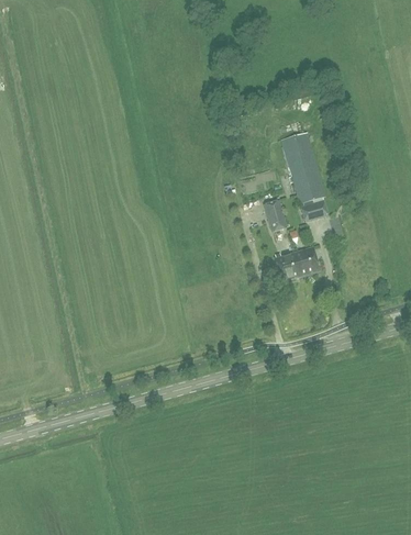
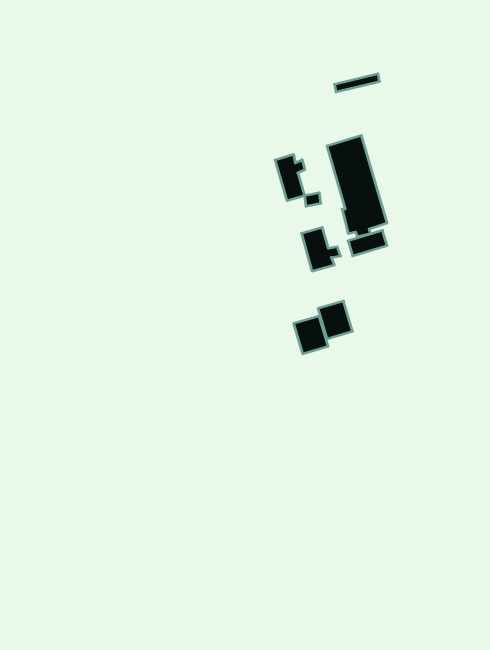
building: none -> [275,154,305,201]
building: [295,247,320,275] -> [294,316,328,354]

